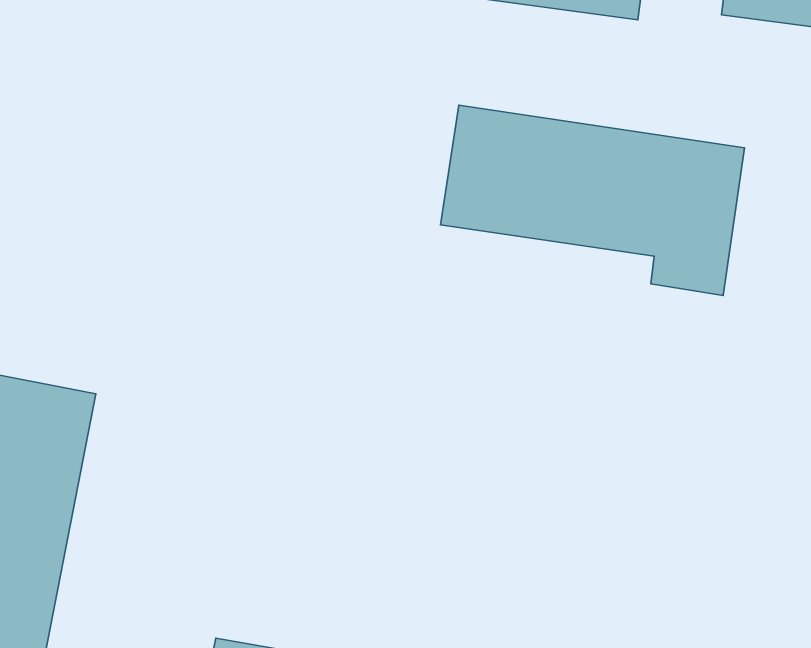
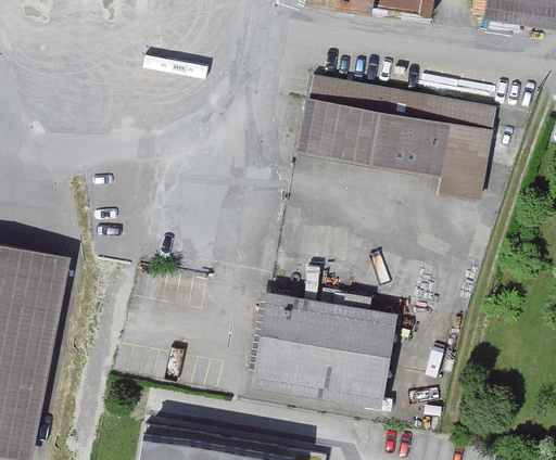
building: none -> [248,291,394,404]

